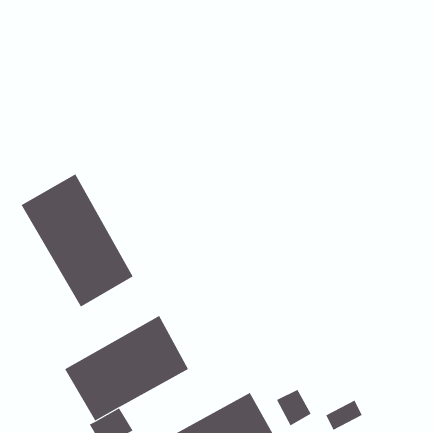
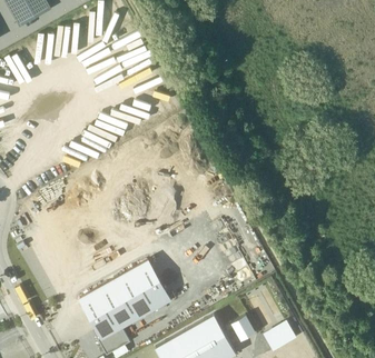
building: [21,174,133,308] -> none

